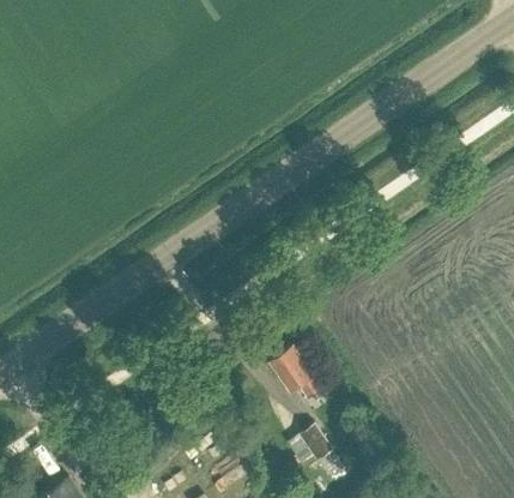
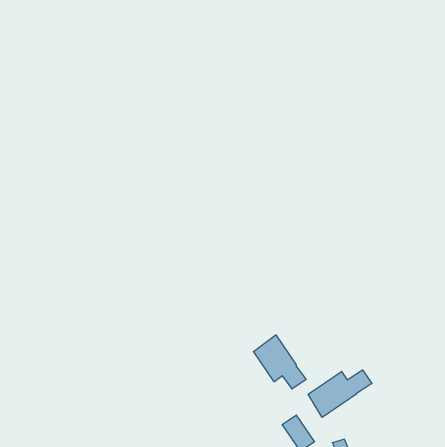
building: none -> [308,370,372,417]

